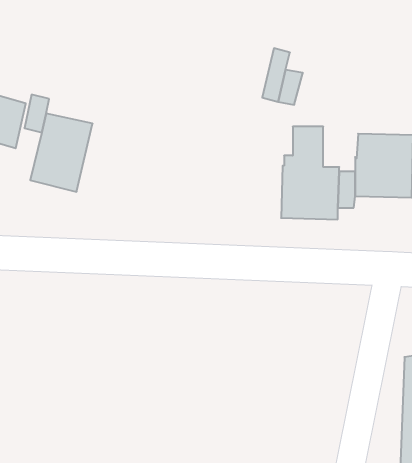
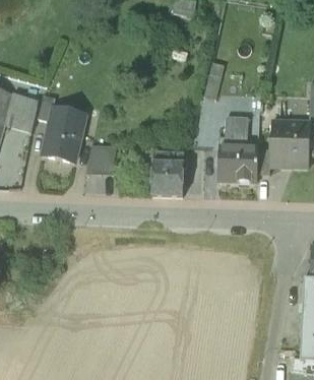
building: none -> [85,144,116,174]
building: none -> [150,151,184,196]

